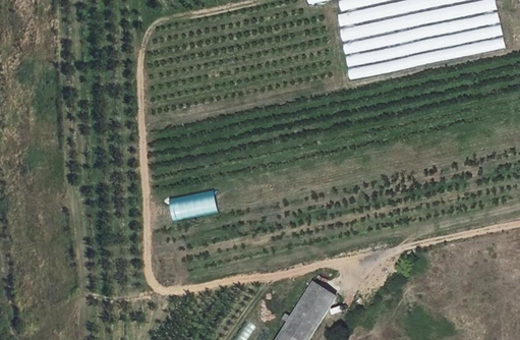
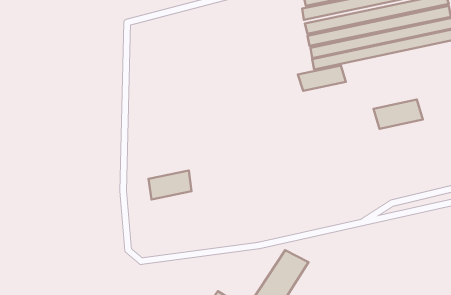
building: none -> [298,65,346,91]
building: none -> [374,100,423,129]

